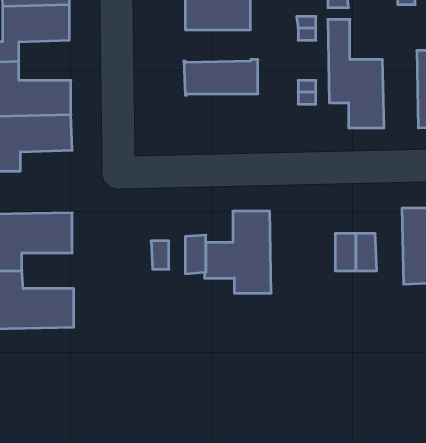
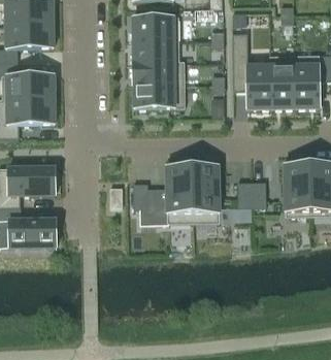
building: none -> [133,40,178,63]
building: none -> [269,55,295,108]
building: none -> [134,85,185,108]
building: none -> [192,165,219,223]

